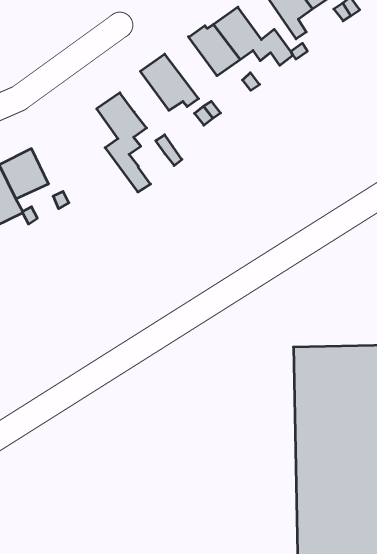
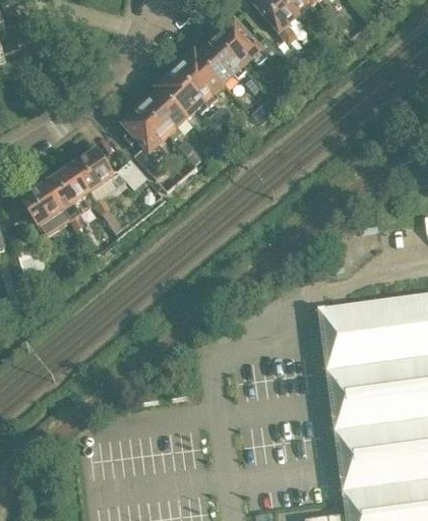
building: none -> [177,51,224,103]
building: none -> [142,86,186,137]
building: none -> [72,147,148,191]

